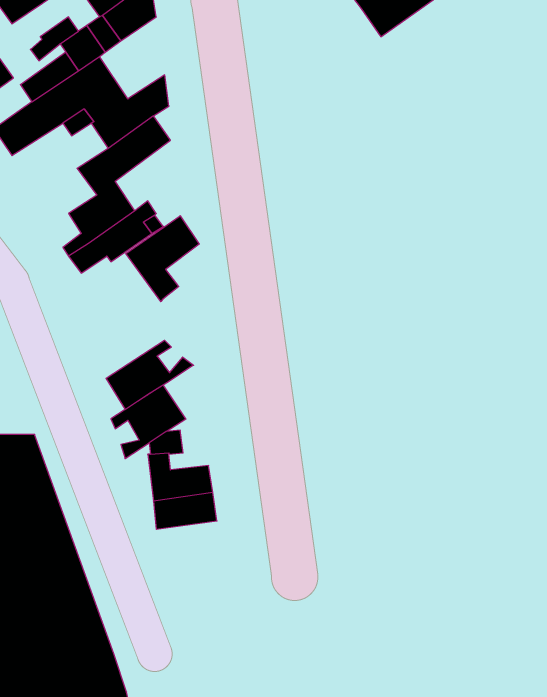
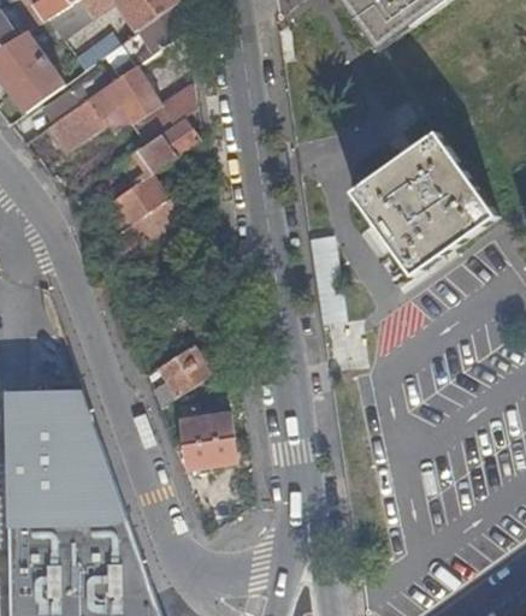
building: none -> [351,132,495,274]
building: [126,216,199,302] -> none
building: [106,340,194,409] -> none

